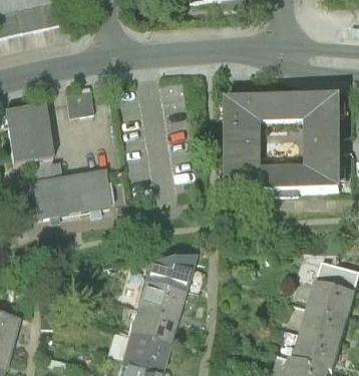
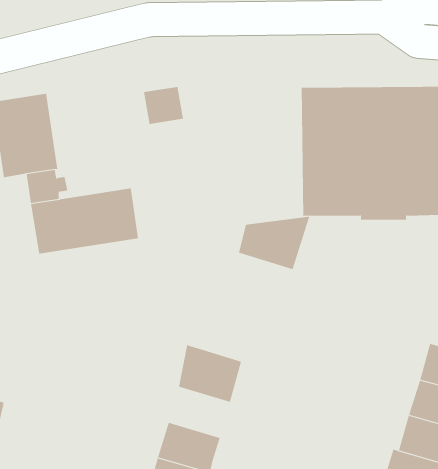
building: [65,88,94,115] -> [143,86,184,124]
building: [143,254,195,292] -> [238,216,310,270]
building: [130,310,174,346] -> none

